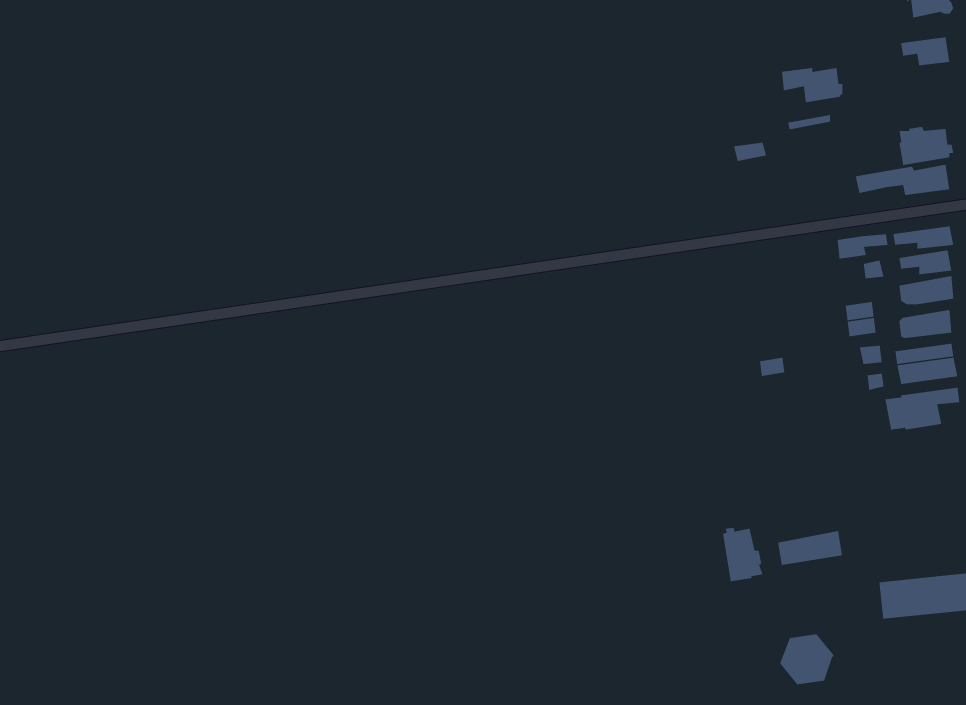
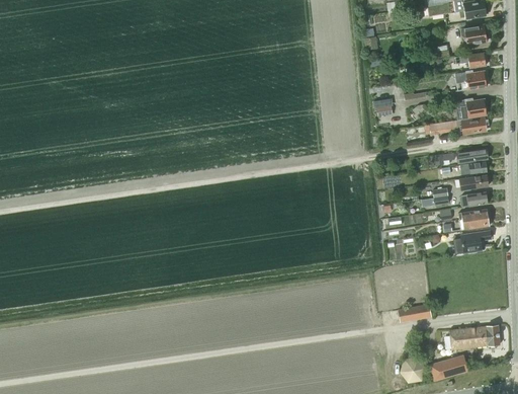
building: [781,67,843,103] -> [456,71,488,89]
building: [722,527,763,582] -> none
building: none -> [430,354,468,381]

